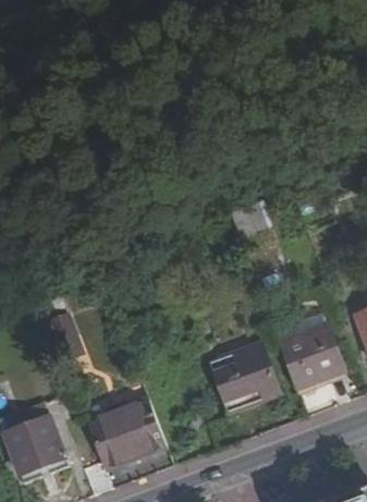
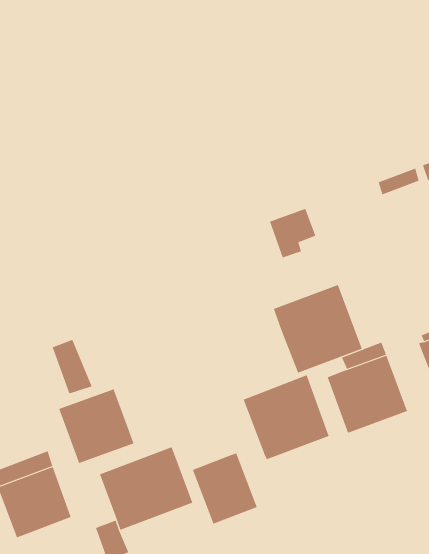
building: none -> [273,284,363,373]
building: none -> [59,389,134,464]
building: none -> [192,452,258,524]

